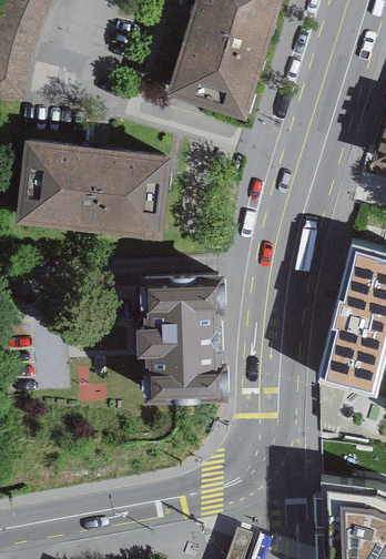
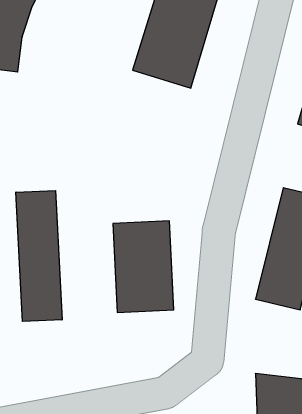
building: [22,145,170,233] -> none
building: none -> [16,191,62,321]

